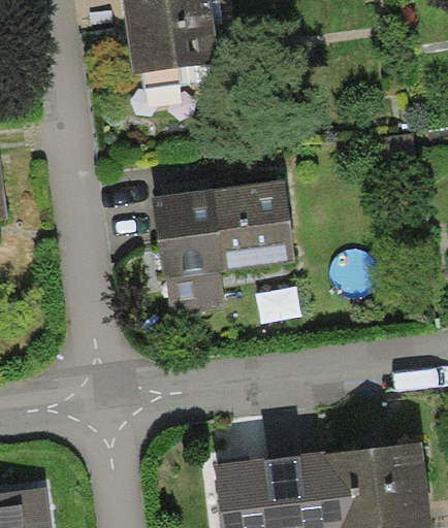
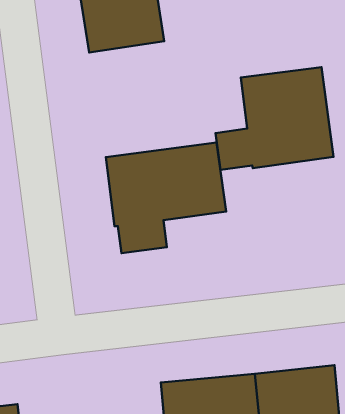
building: none -> [216,67,334,170]

